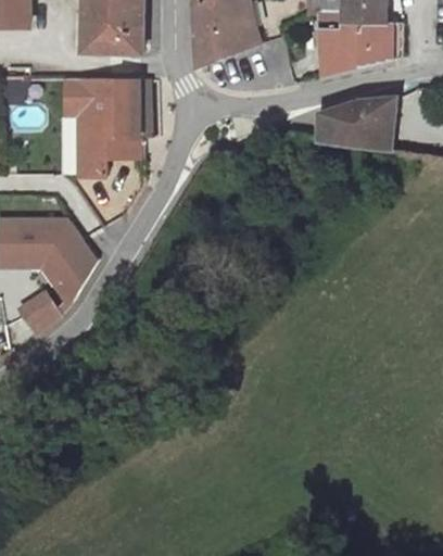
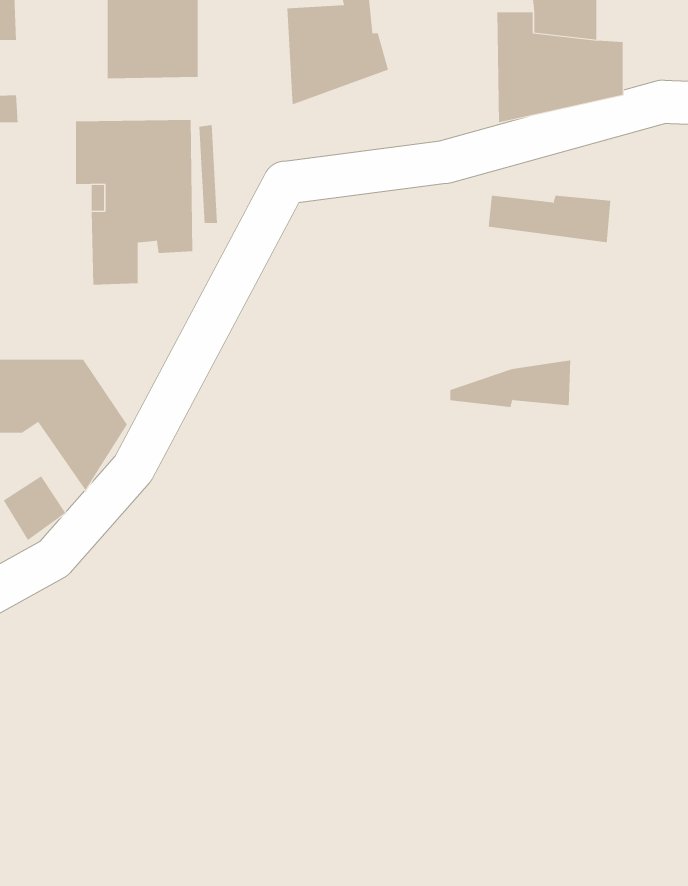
building: [320,96,395,125] -> [449,360,571,408]

